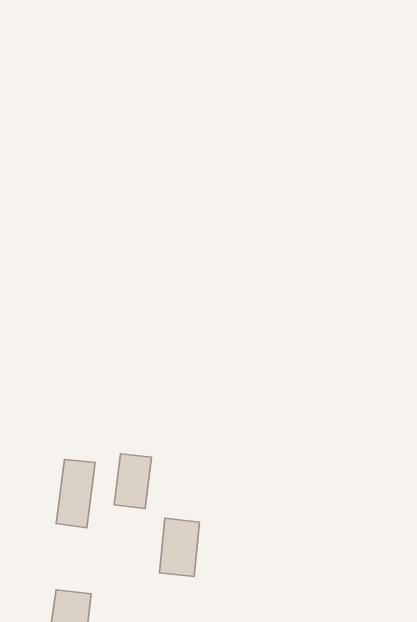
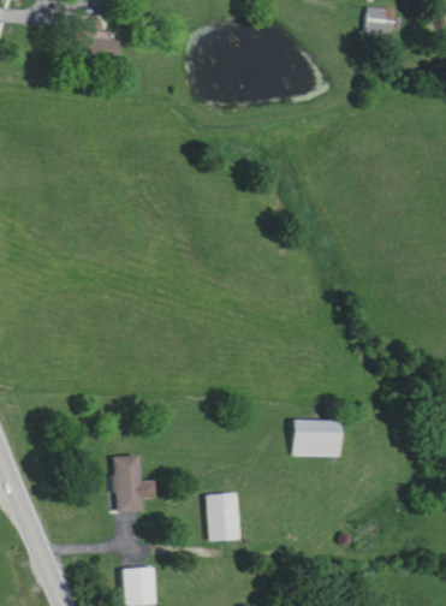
building: none -> [293,420,339,456]
building: [114,454,152,508] -> none

